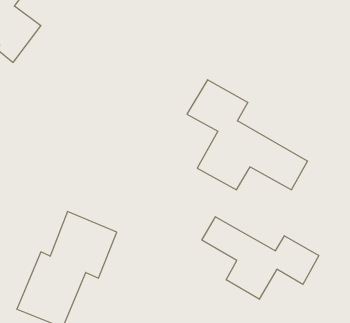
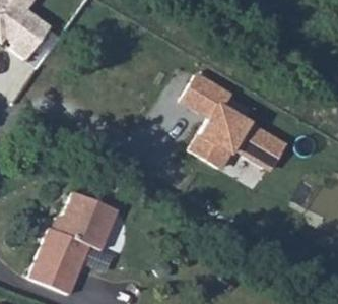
building: [202,217,319,299] -> none

